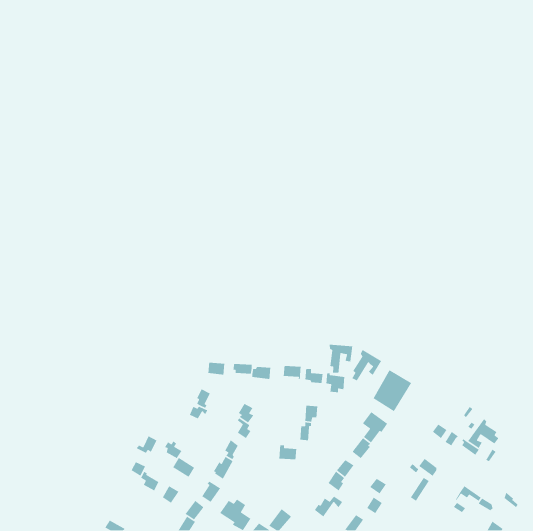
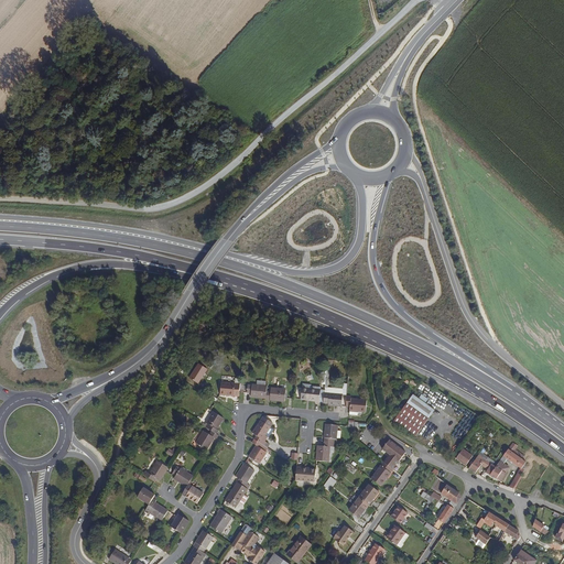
building: [329,344,353,373] -> none
building: [351,349,382,381] -> none

